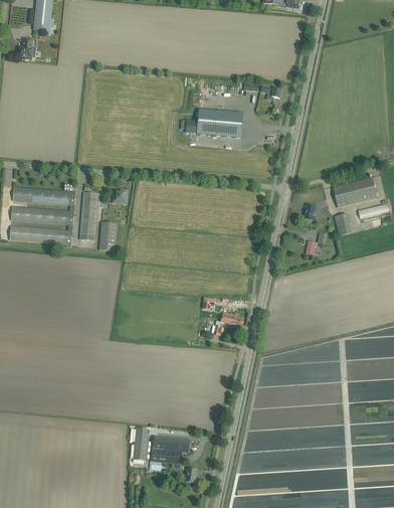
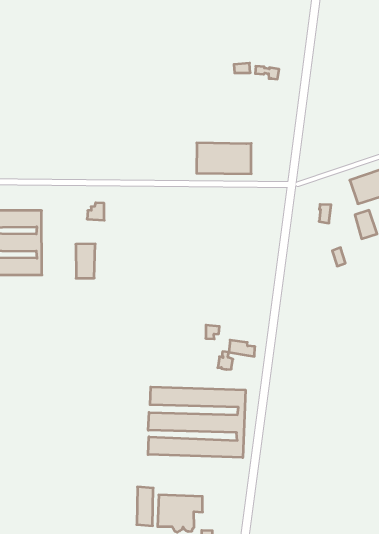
building: [195,108,242,137] -> [197,143,251,174]
building: [79,192,97,239] -> none
building: none -> [148,387,245,458]

